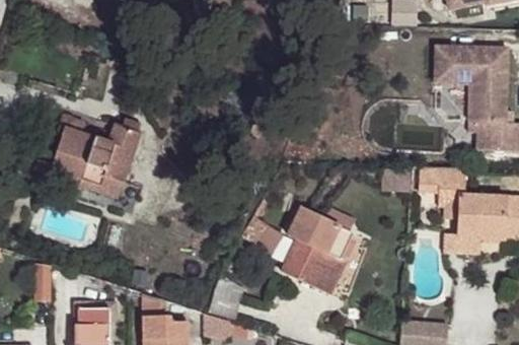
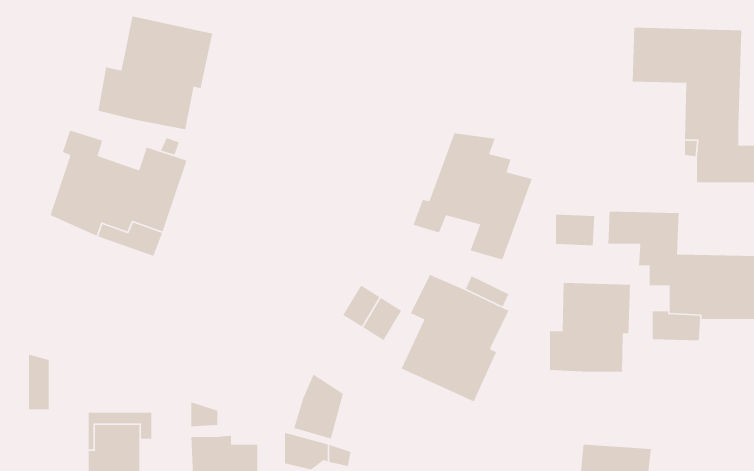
building: none -> [97,16,213,130]
building: none -> [413,133,533,260]
building: none -> [549,282,631,373]

